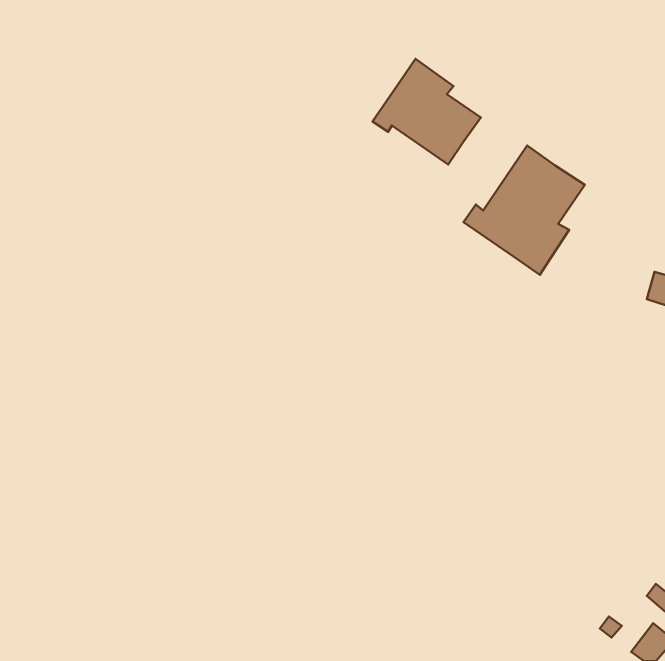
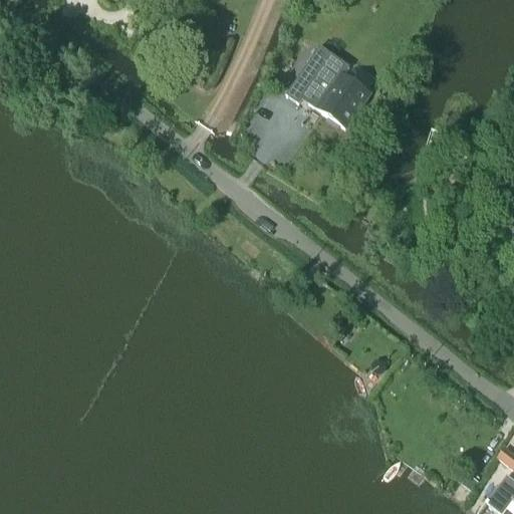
building: [464,146,585,275] -> none

